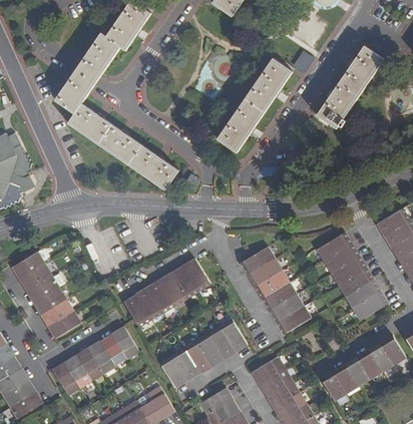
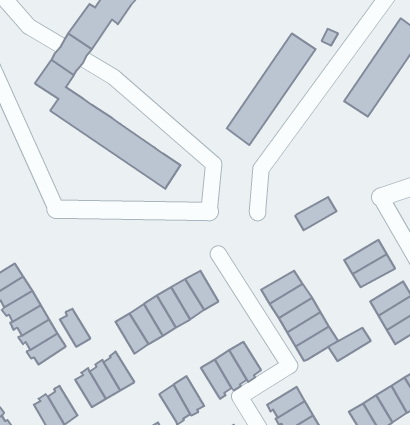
building: [239,247,274,275] -> [295,197,337,230]
building: [330,257,366,285] -> [328,328,371,361]
building: [182,341,210,374] -> none
building: [76,349,102,381] -> [60,309,90,347]

